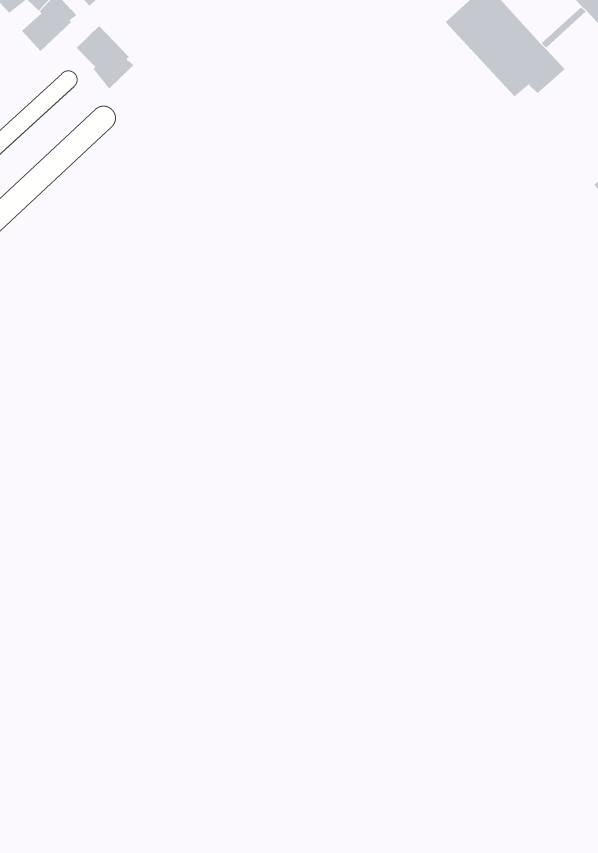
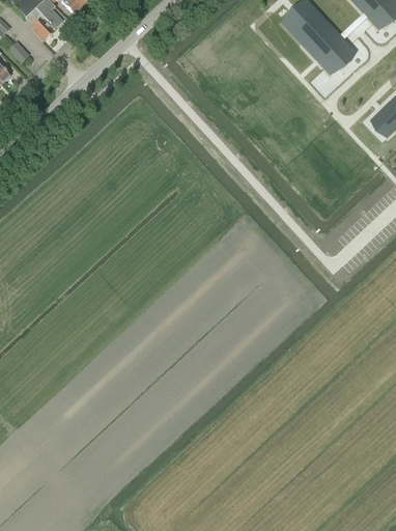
building: [76,25,135,89] -> none

